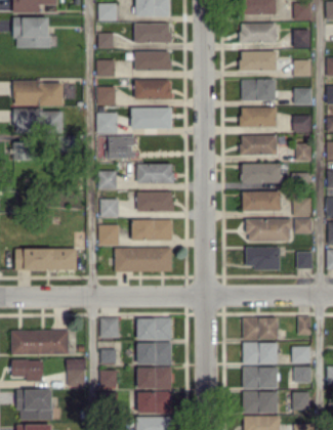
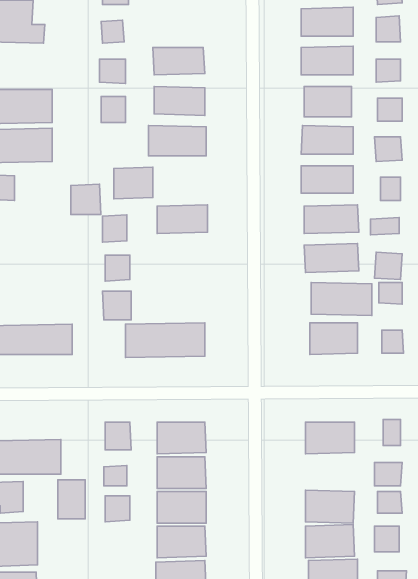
building: [134,23,171,43] -> none
building: [96,112,118,133] -> [71,184,101,214]
building: [137,190,173,211] -> none
building: [131,219,172,241] -> none
building: [243,342,278,364] -> none

